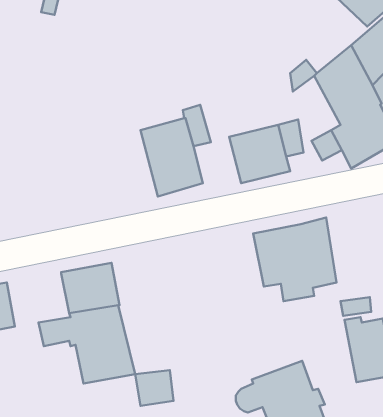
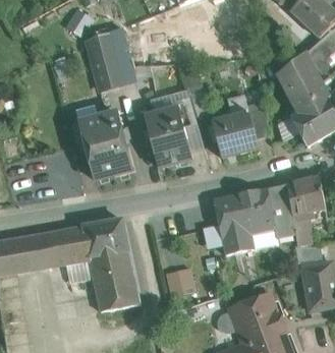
building: none -> [86,31,122,90]
building: none -> [77,112,132,178]
building: none -> [286,175,325,245]
building: none -> [213,195,254,253]
building: none -> [41,226,90,267]
building: [135,370,174,406] -> [164,266,193,293]

